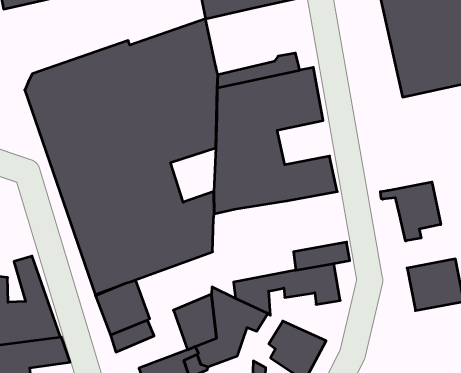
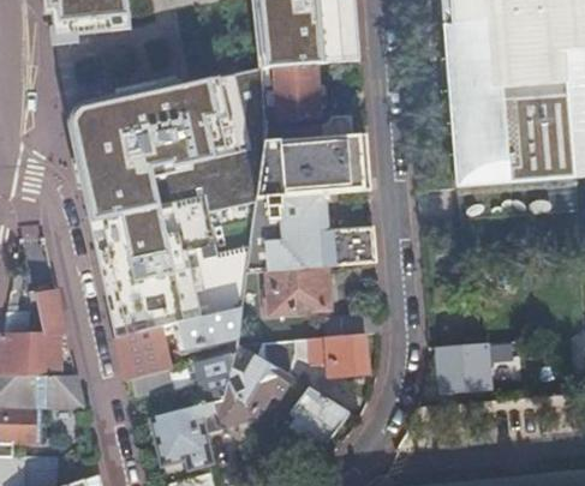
building: none -> [263,65,323,121]
building: [380,182,441,241] -> none
building: none -> [270,266,328,310]
building: none -> [179,310,243,352]

